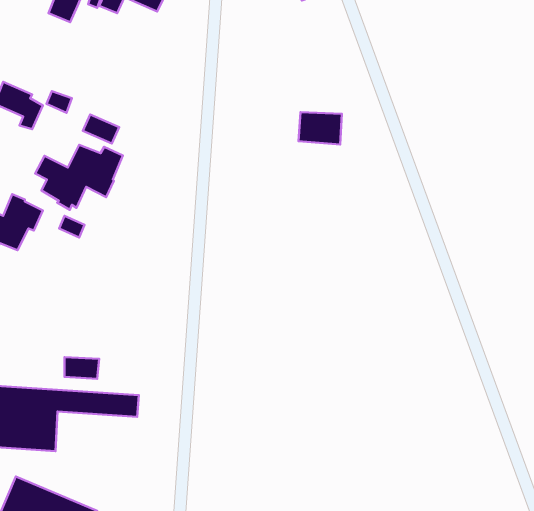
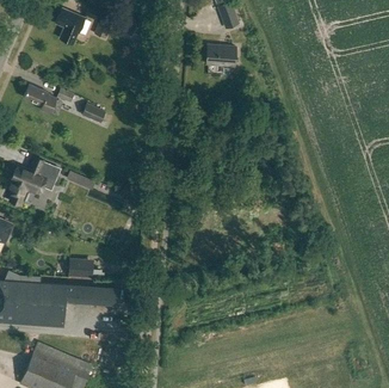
building: [299,112,342,145] -> [208,45,236,67]
building: [35,145,123,210] -> none

